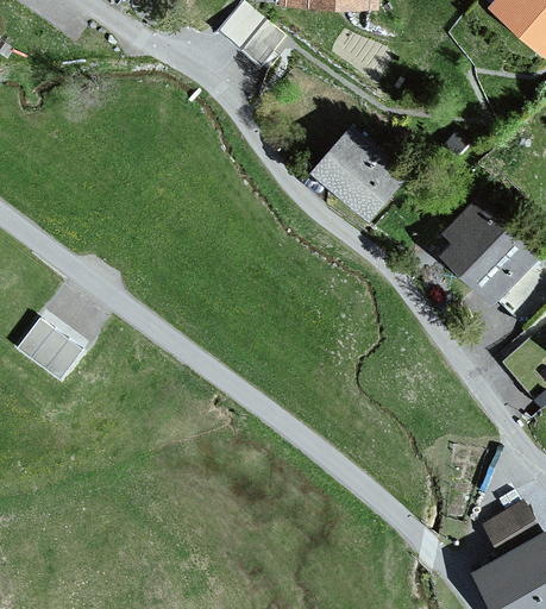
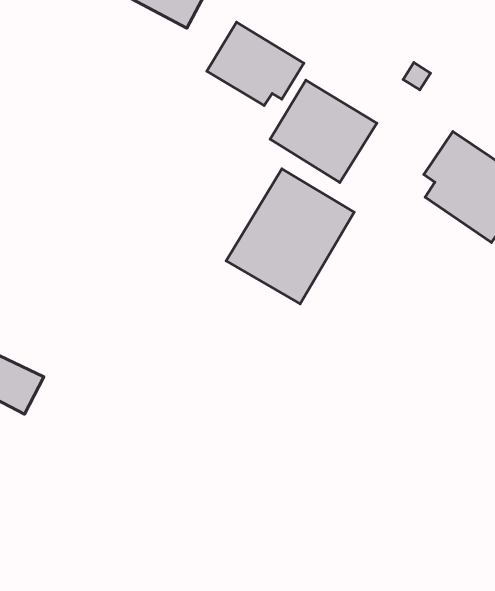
building: none -> [207,22,304,106]
building: none -> [226,169,354,304]

